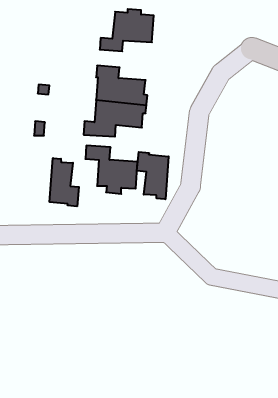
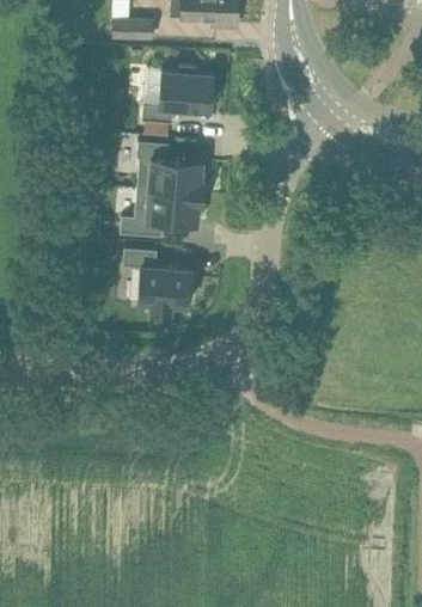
building: [137,152,169,199] -> none
building: [50,158,79,206] -> none

